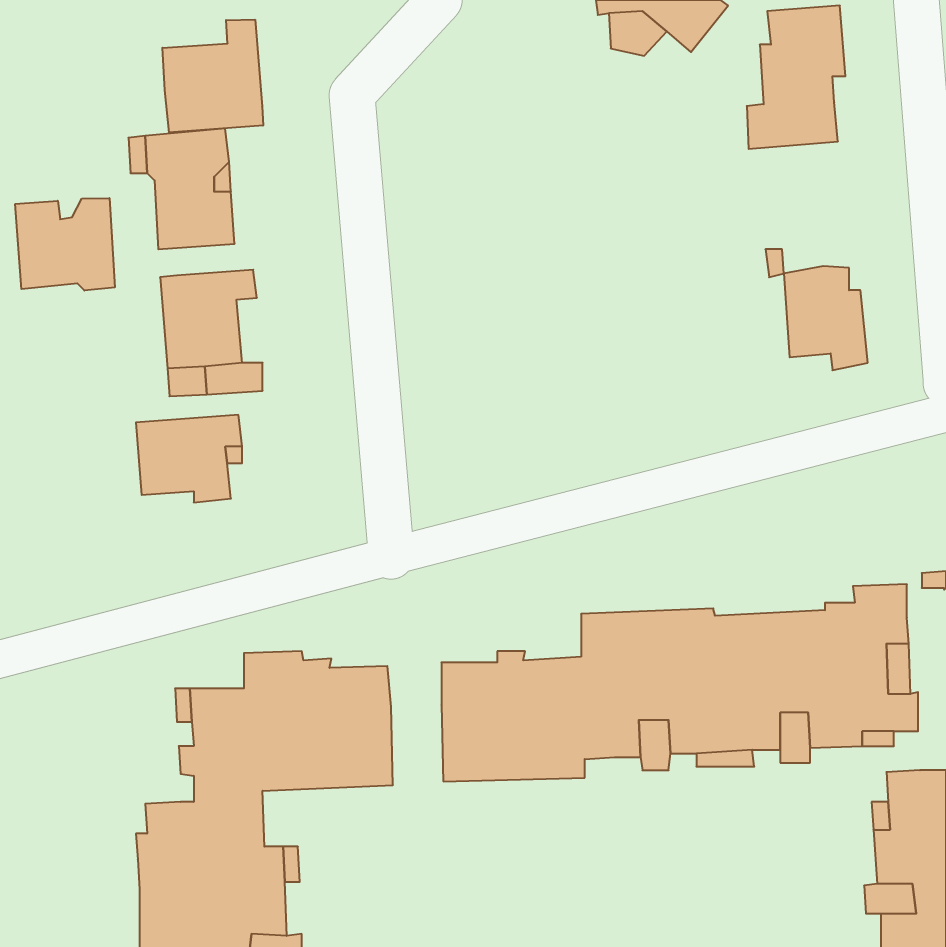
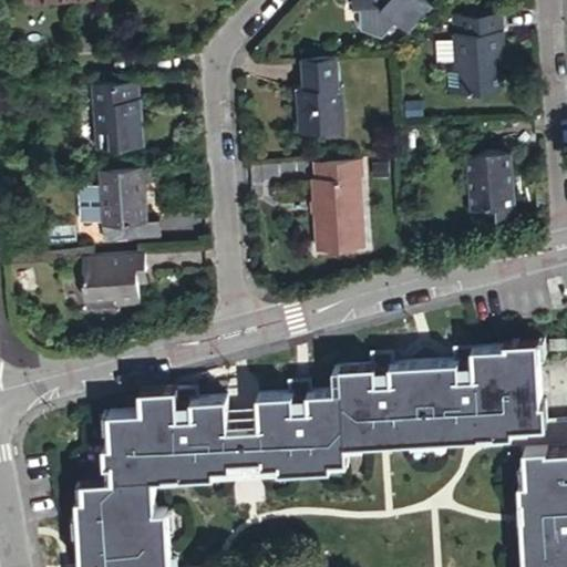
building: [162,20,263,132] -> none
building: none -> [299,59,347,133]
building: [15,198,115,291] -> none
building: none -> [305,159,362,254]
building: none -> [233,422,264,470]

